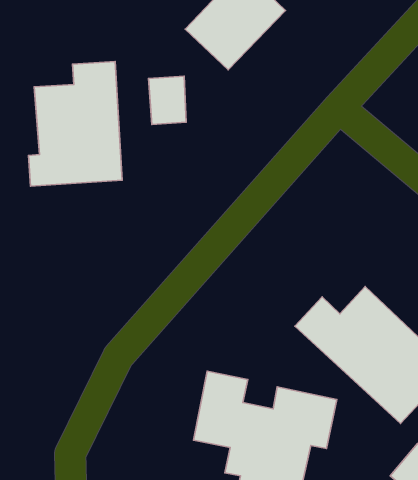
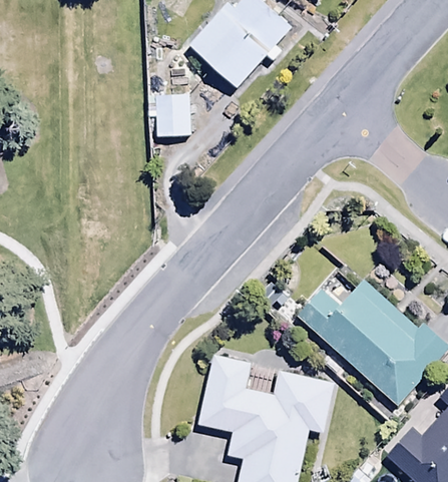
building: [29,61,122,186] -> none

